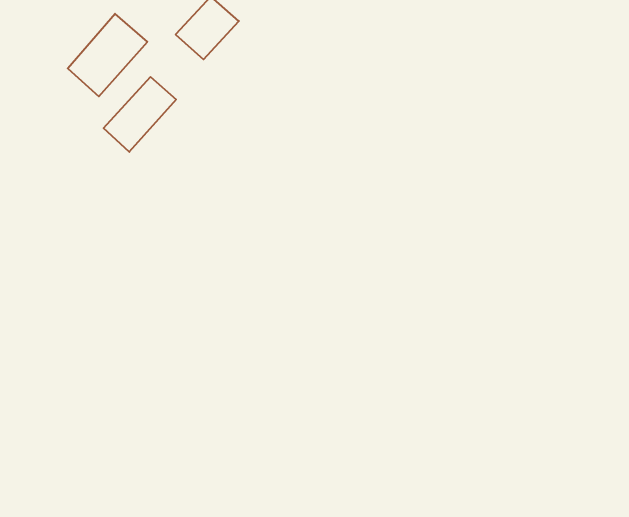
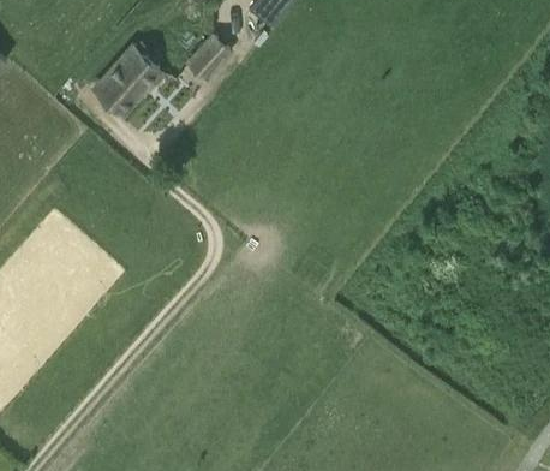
building: [104,77,176,152] -> none

